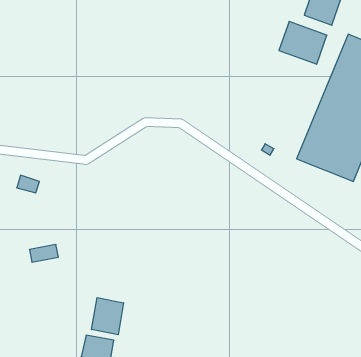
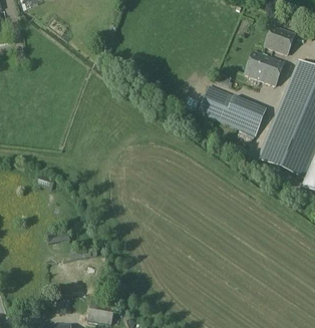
building: none -> [199,86,266,133]
building: [92,298,124,335] -> none

